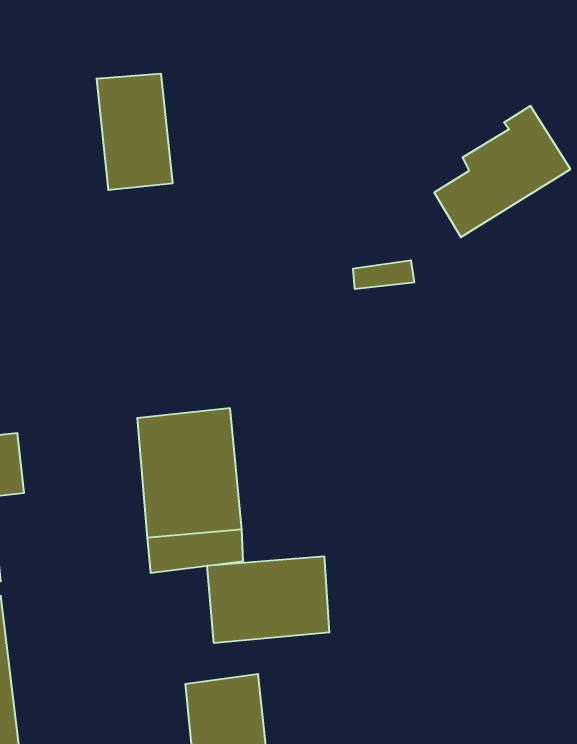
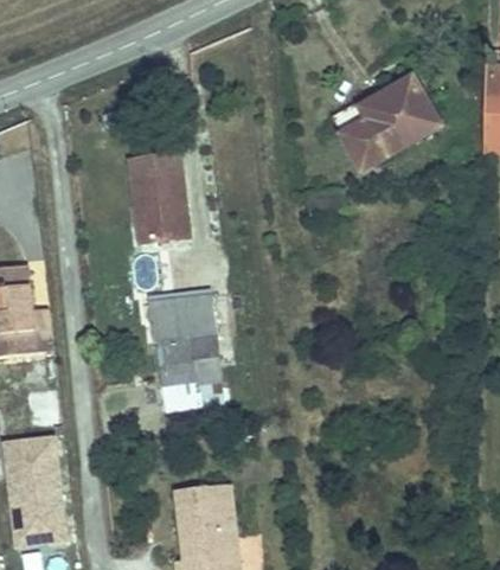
building: [96,74,173,190] -> [133,159,187,242]
building: none -> [340,81,409,140]
building: [207,556,329,643] -> none

